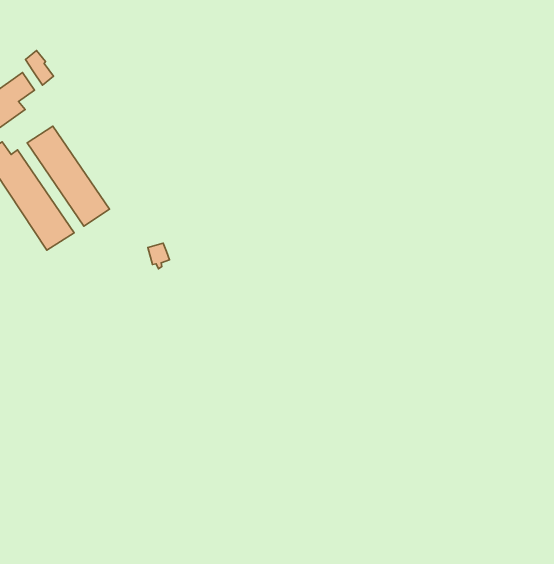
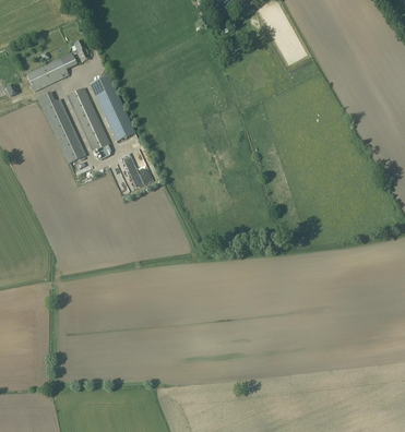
building: none -> [91,77,131,141]

